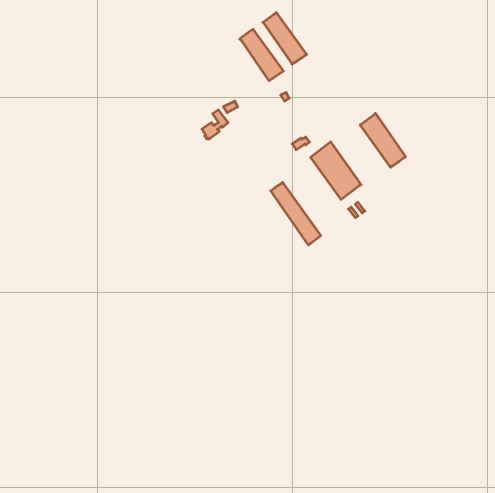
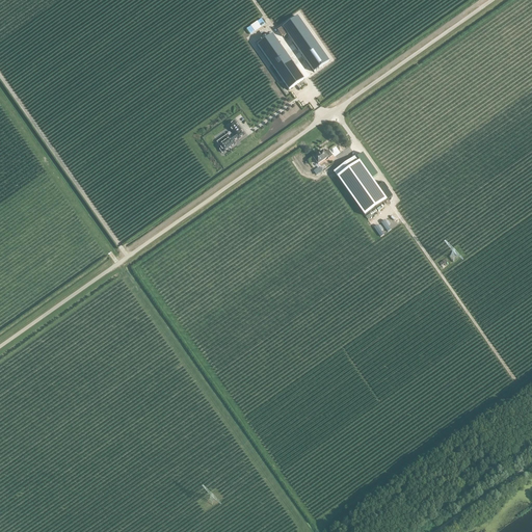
building: [360,113,405,167] -> none
building: [271,182,321,245] -> none

